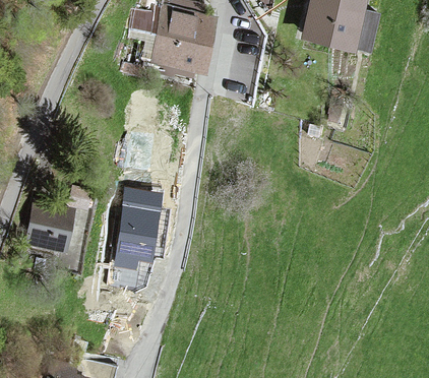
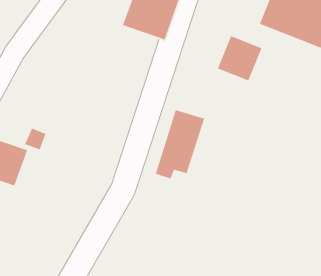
building: none -> [217,35,262,81]
building: [116,193,161,269] -> [155,109,205,179]

